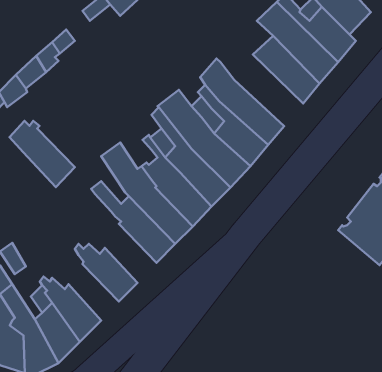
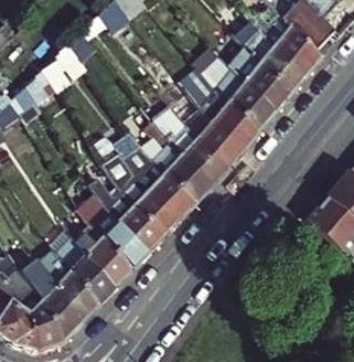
building: none -> [204,57,277,131]
building: [9,121,75,187] -> [90,211,148,269]
building: none -> [67,245,115,302]

